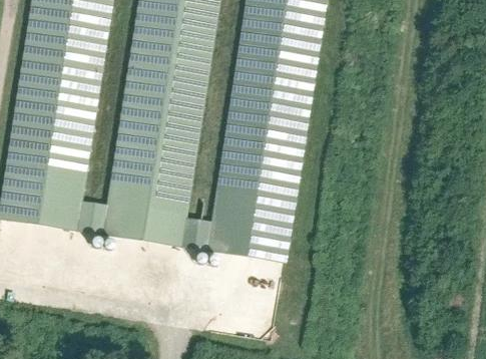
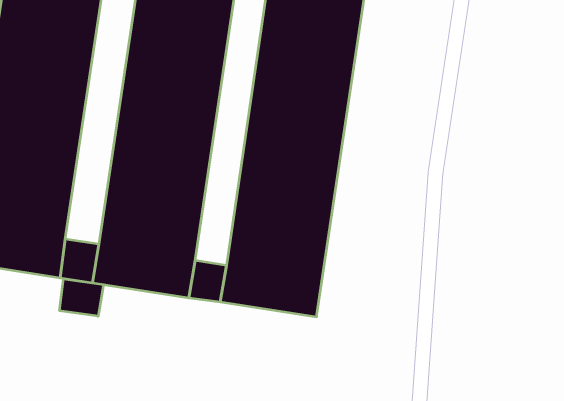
building: none -> [60,279,104,316]

